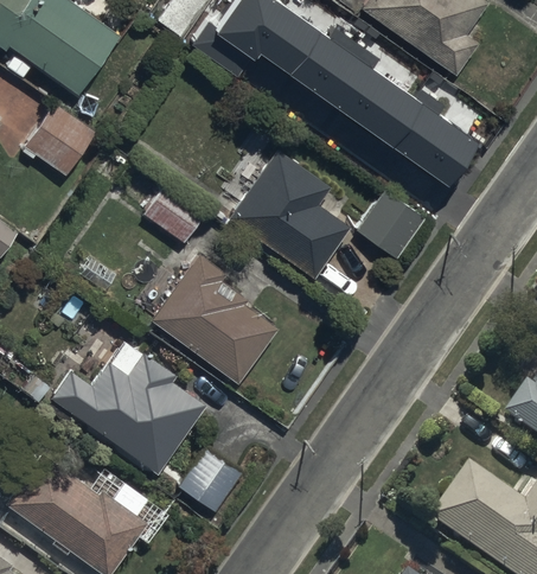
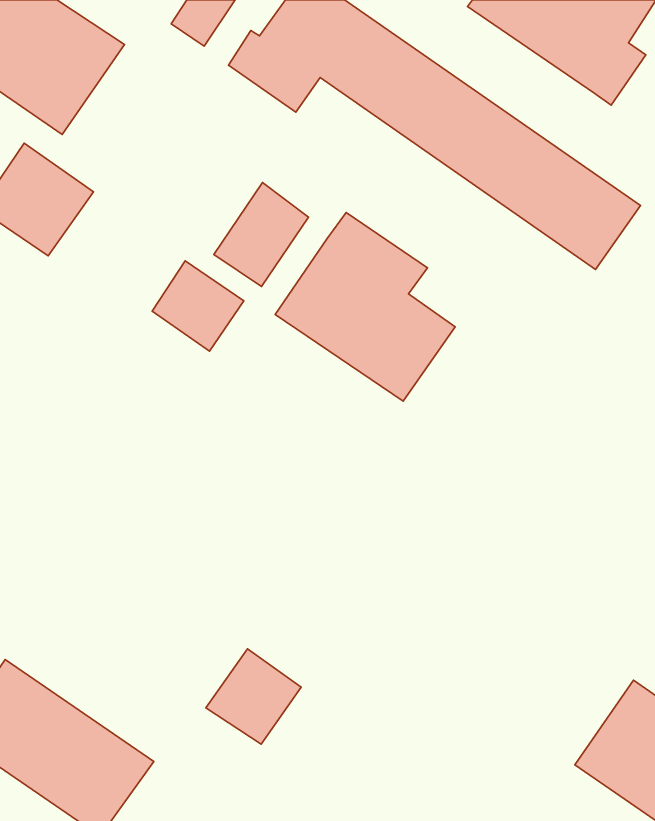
building: none -> [214,183,309,286]
building: [357,189,424,255] -> none
building: [149,249,274,377] -> none
building: [49,343,207,474] -> none

